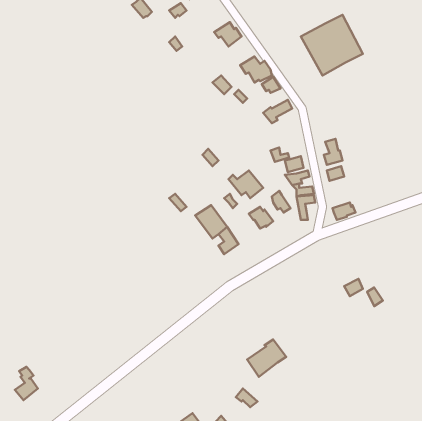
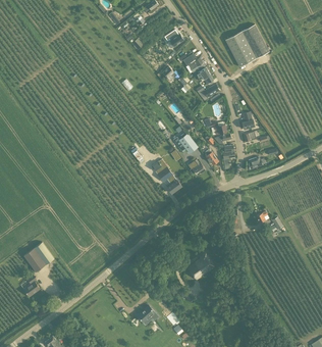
building: none -> [23,242,53,271]

